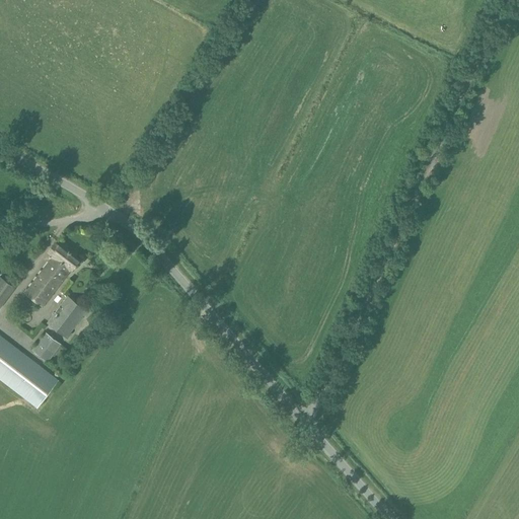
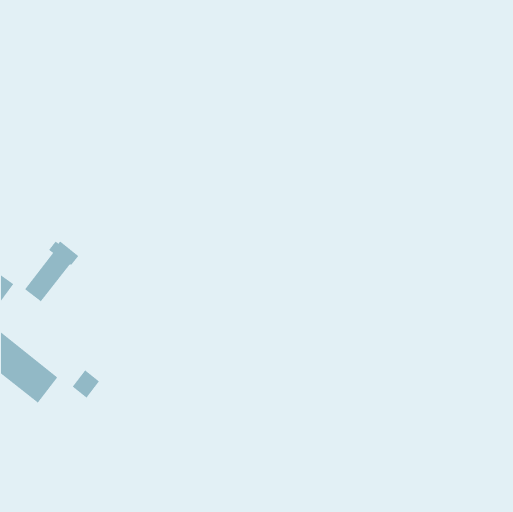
building: [47,296,87,339] -> none
building: [32,332,61,362] -> [72,369,100,398]

